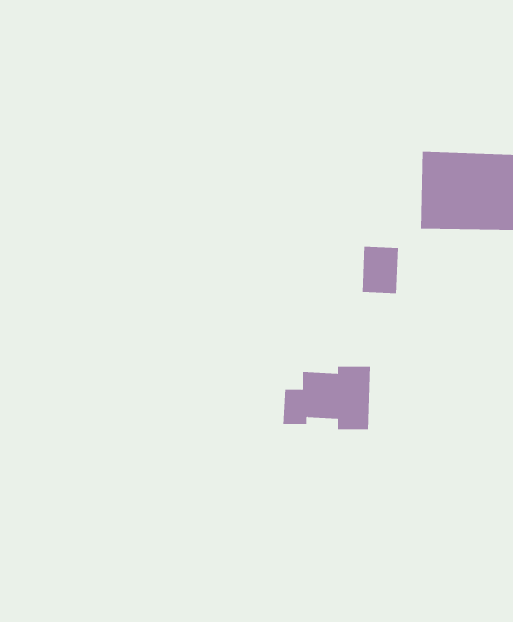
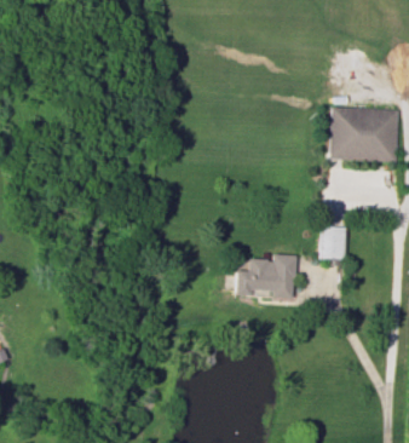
building: [362,246,399,294] -> [319,225,345,258]

